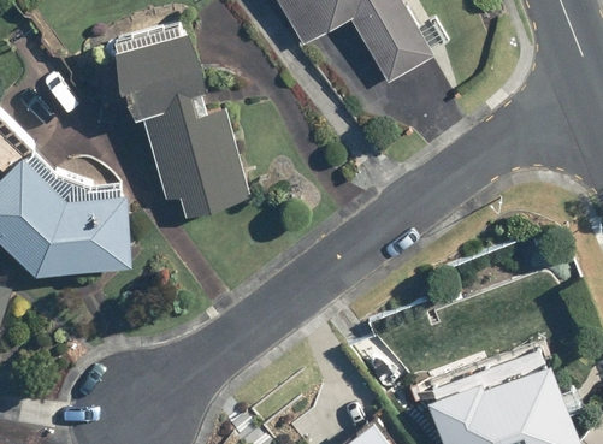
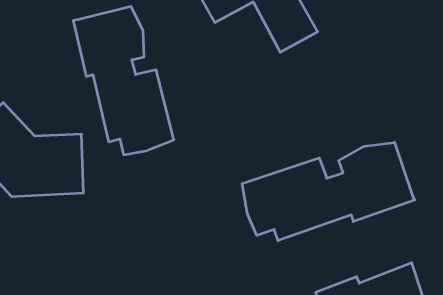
building: none -> [242,142,415,241]

